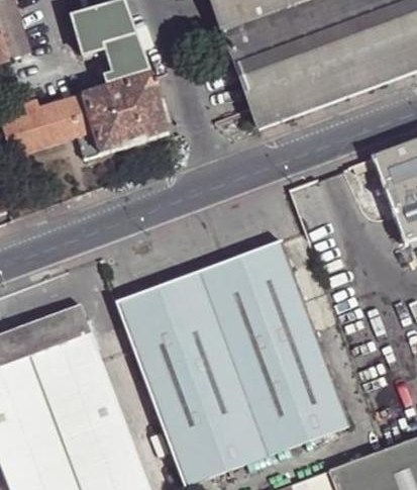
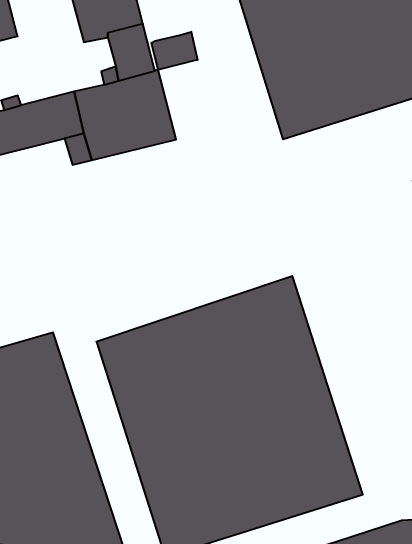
building: none -> [152,32,198,70]

